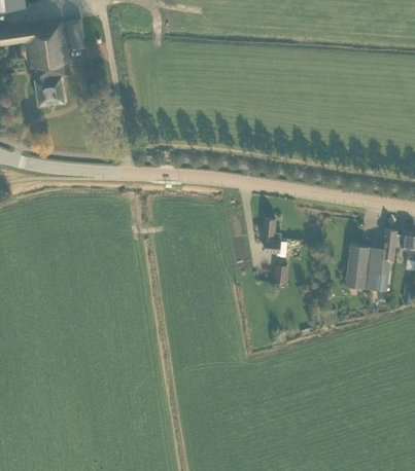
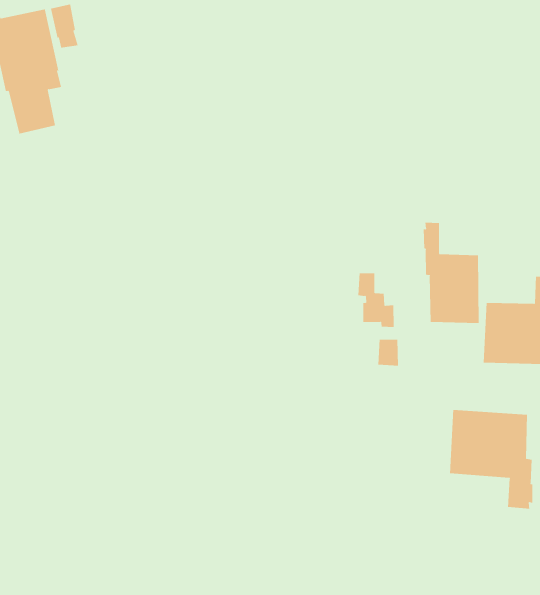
building: none -> [423,222,479,324]
building: none -> [449,409,533,509]

